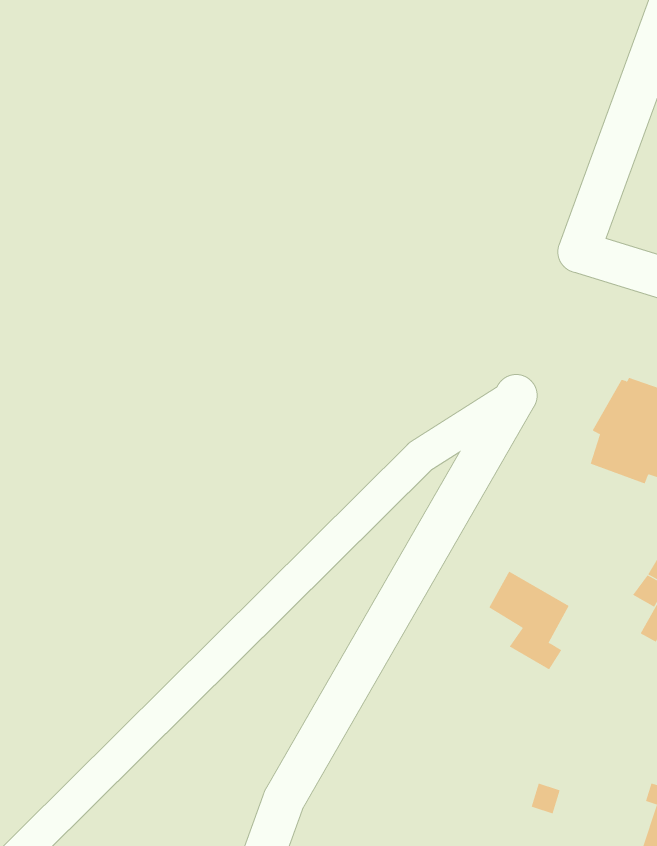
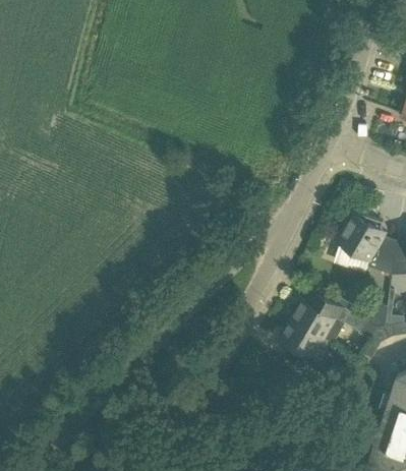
building: none -> [290,289,349,342]

